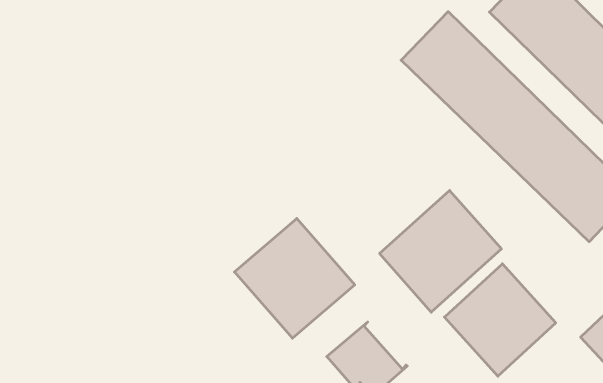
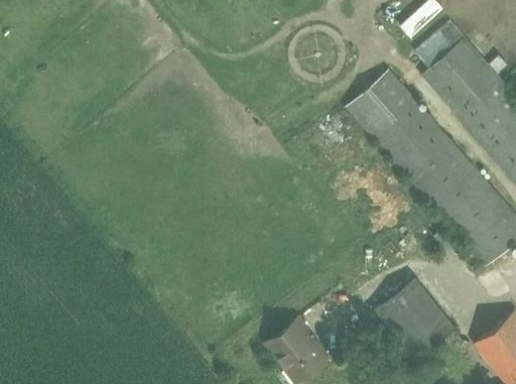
building: [380,190,501,312] -> none
building: [234,218,355,338] -> none

